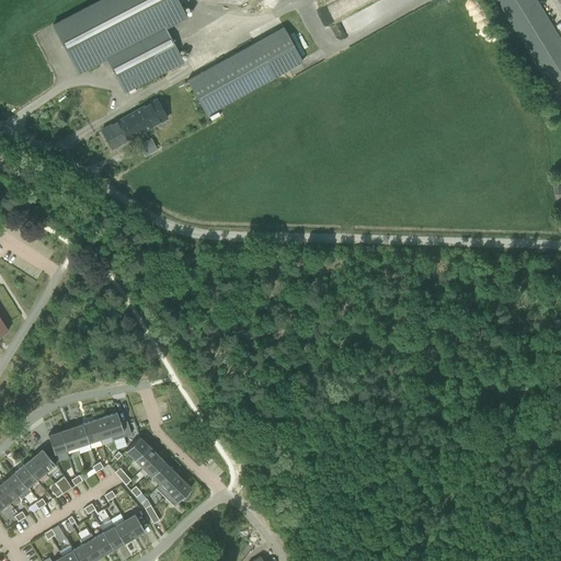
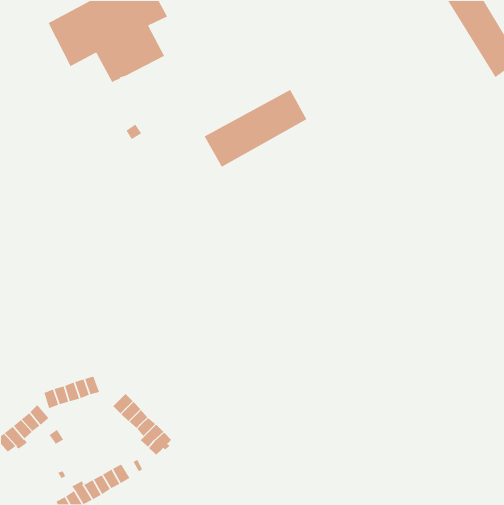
building: [187,27,302,115] -> [204,89,307,168]
building: [102,99,168,148] -> none
building: [105,412,131,440] -> none

